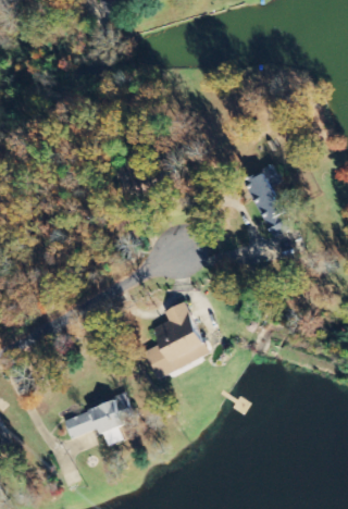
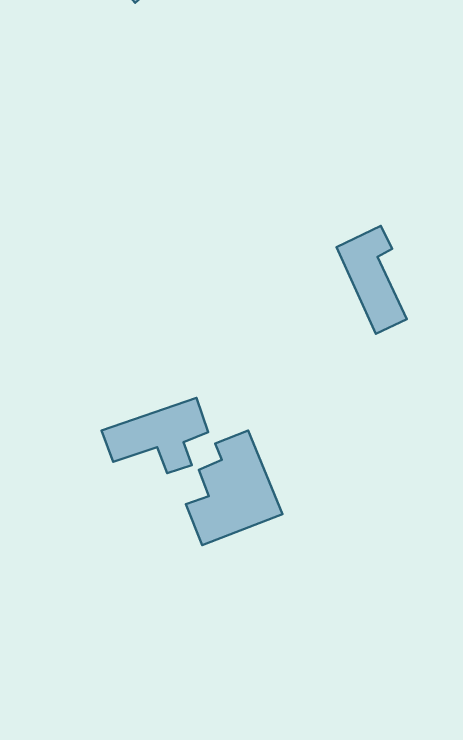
building: [63,395,134,445] -> [102,398,208,473]

